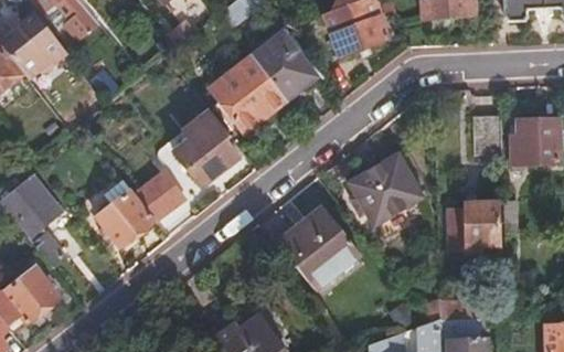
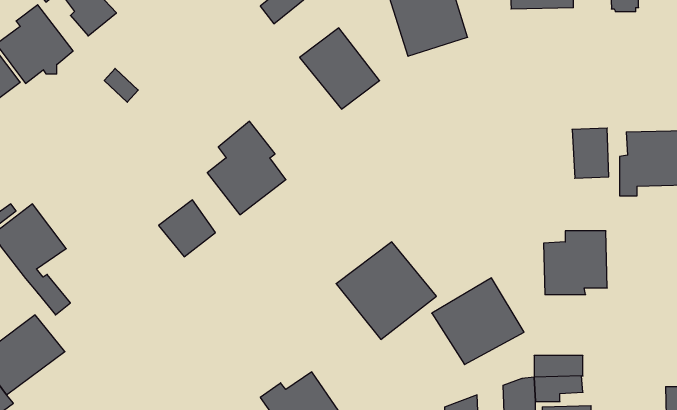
building: [210,58,284,132] -> none
building: [350,153,425,224] -> [432,278,524,365]
building: [96,192,151,249] -> none

